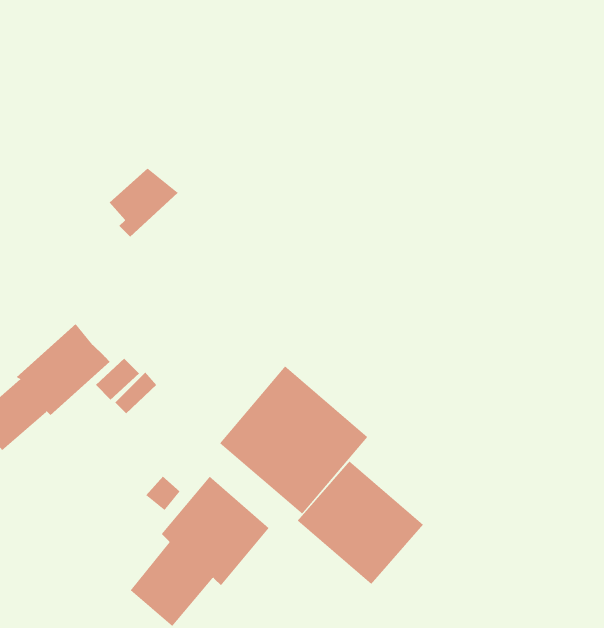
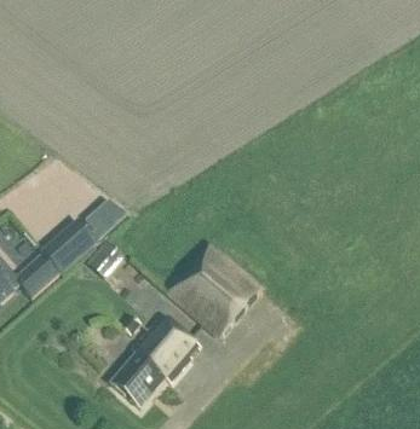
building: [109,168,179,237] -> [82,195,126,238]
building: [297,461,424,585] -> none

